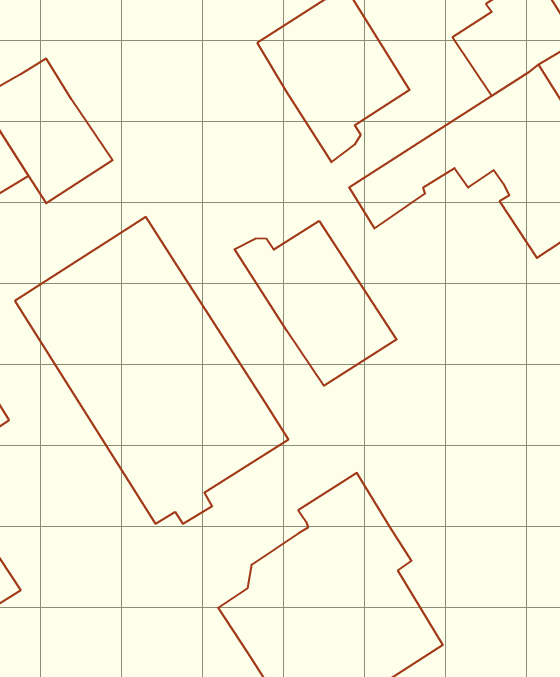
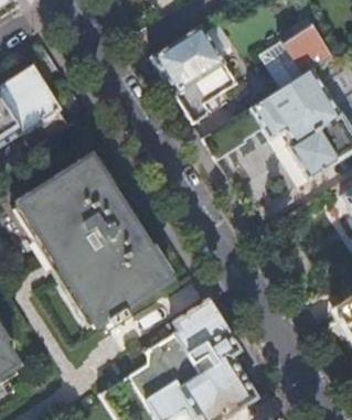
building: [235,221,397,386] -> none

